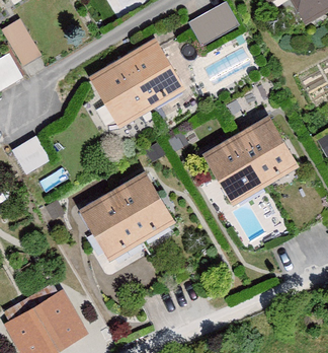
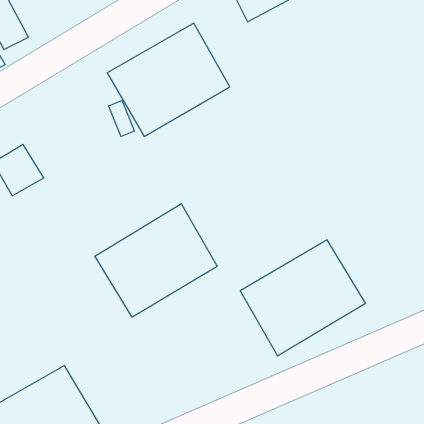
building: [207,120,299,205] -> [240,240,366,356]

